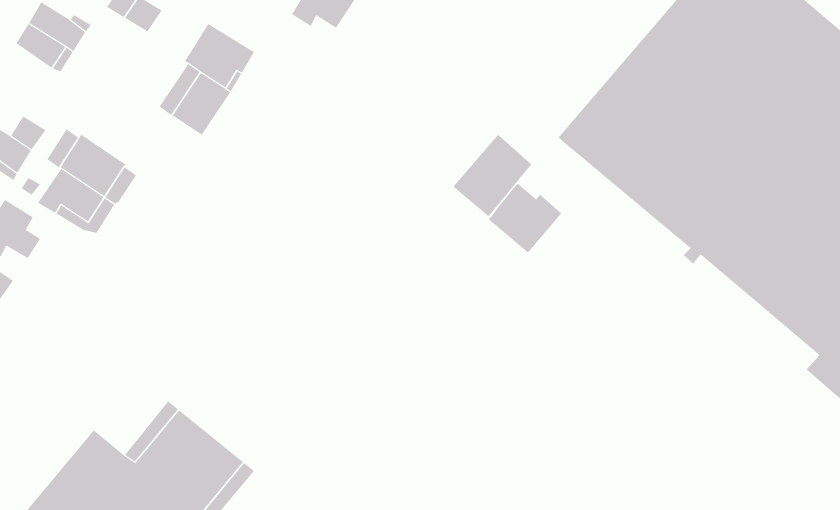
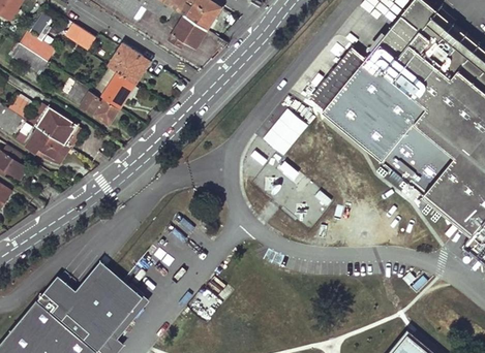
building: none -> [66,82,119,123]
building: [488,182,562,253] -> none

